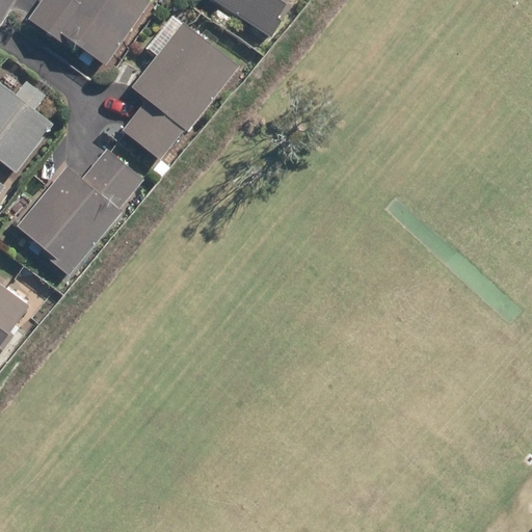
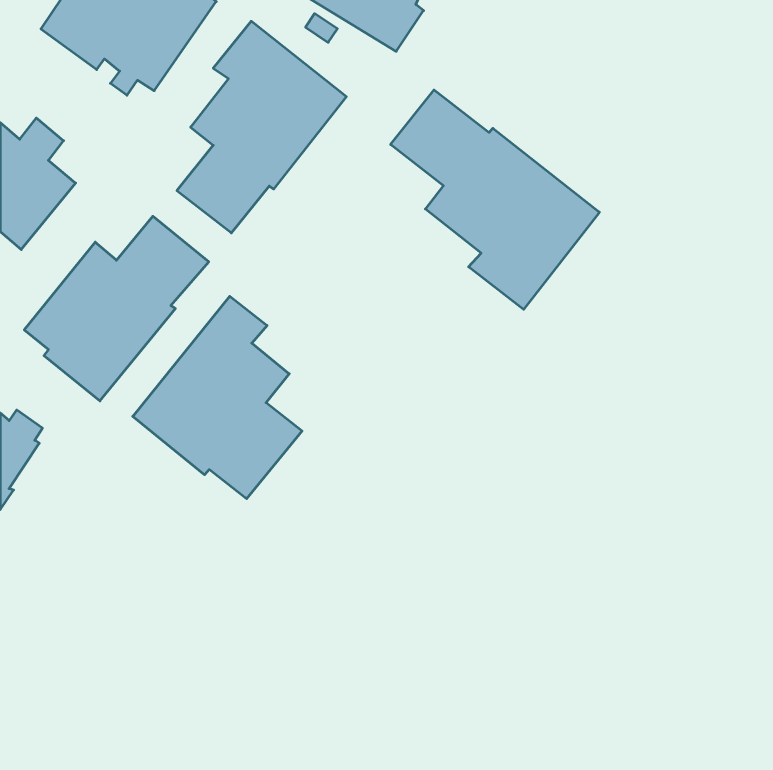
building: none -> [391,90,599,309]
building: none -> [133,296,302,499]

